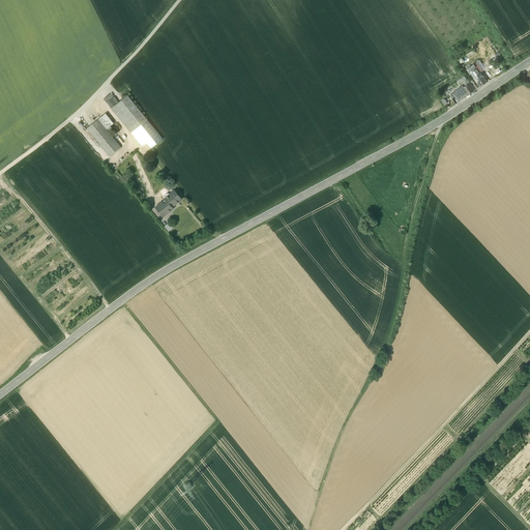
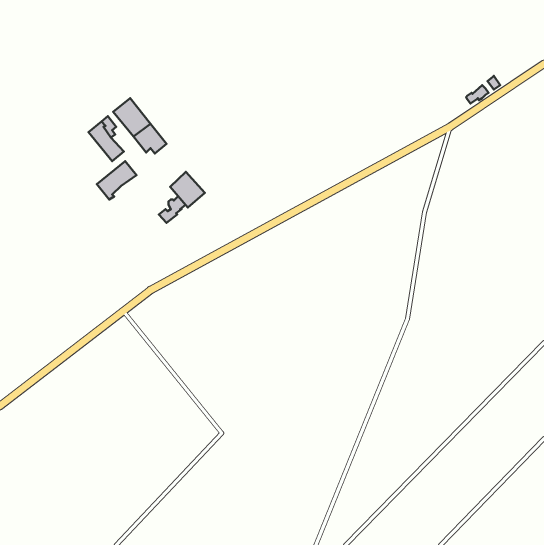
building: none -> [97,161,136,200]
building: none -> [170,172,205,207]

